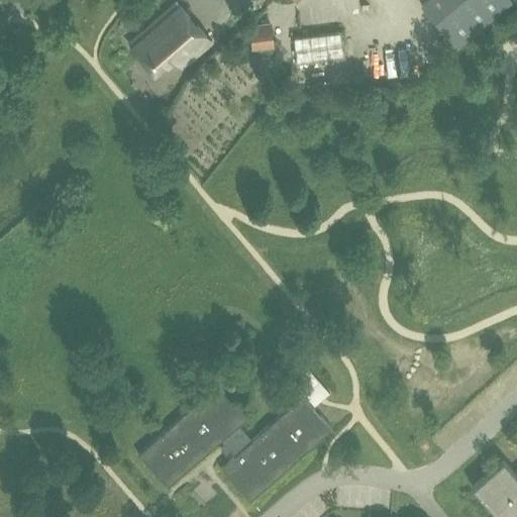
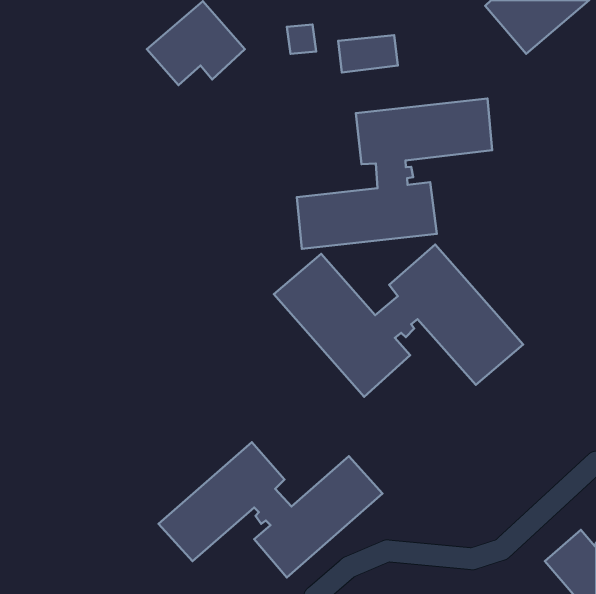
building: none -> [297,98,492,249]
building: none -> [274,245,523,397]

